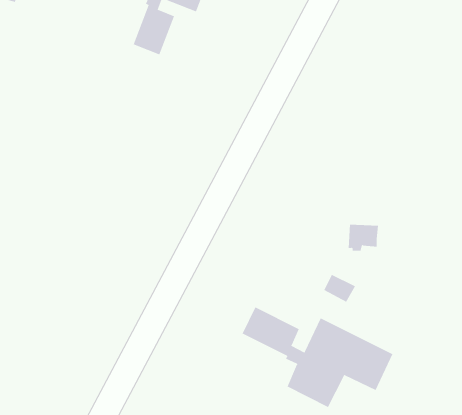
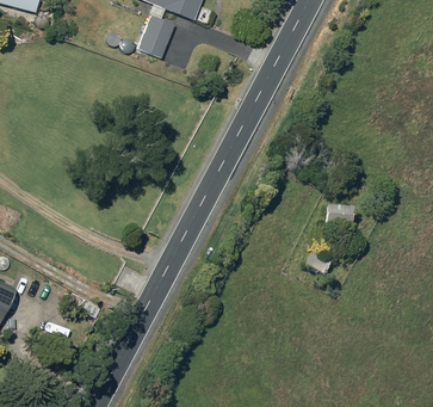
building: [242,306,393,408] -> none

